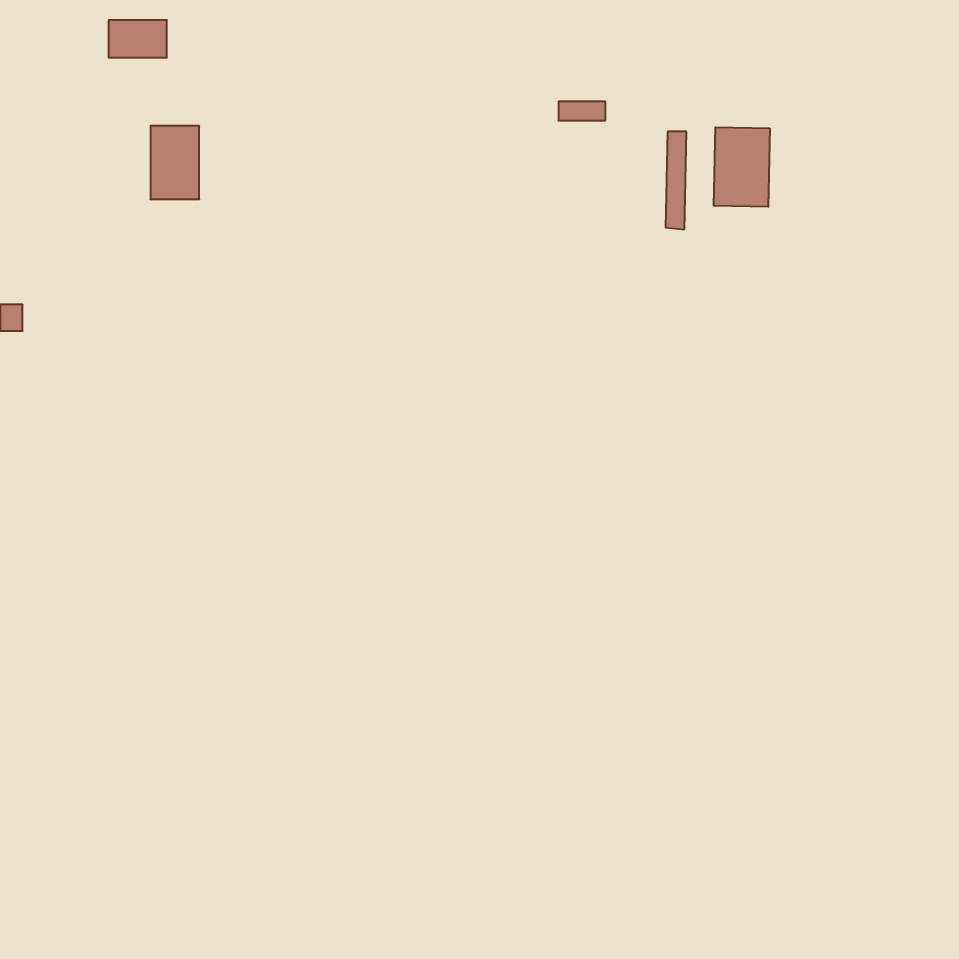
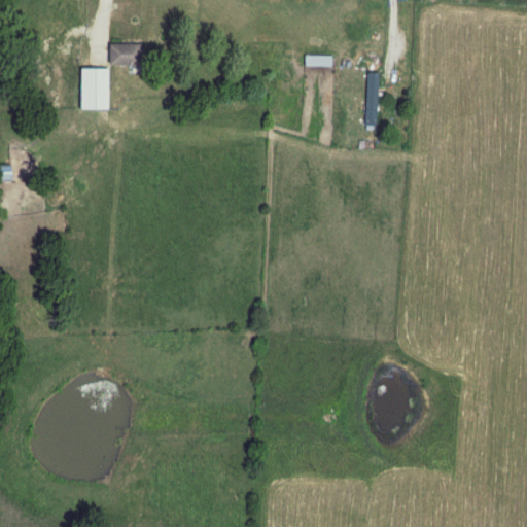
building: [109,20,167,58] -> [111,44,143,65]
building: [714,127,770,207] -> none

